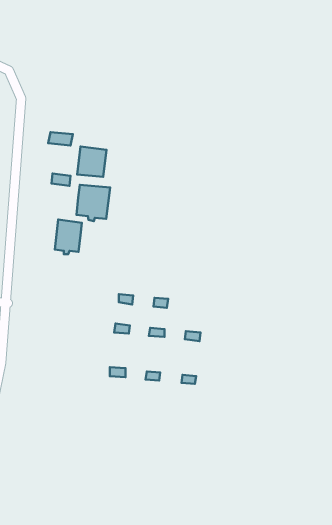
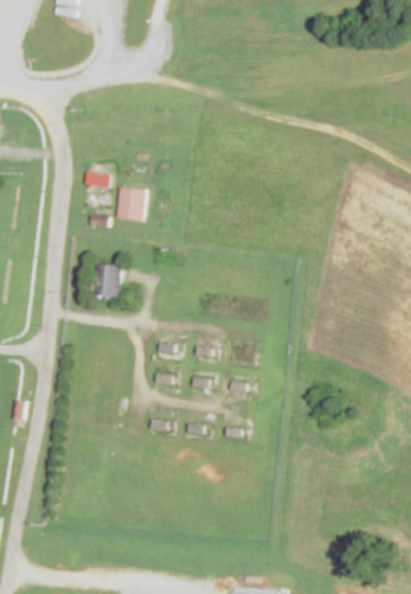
building: [76,185,110,221] -> none

